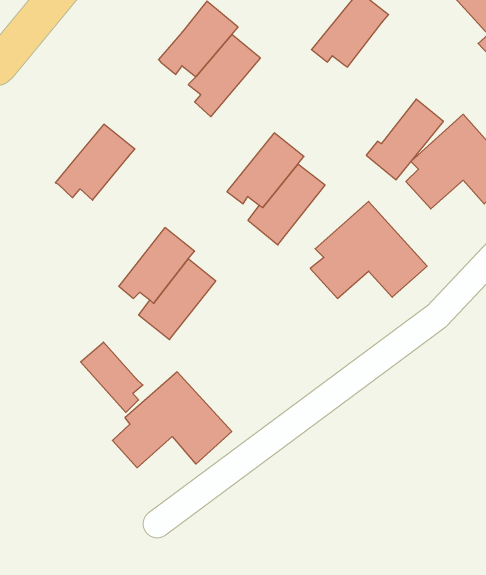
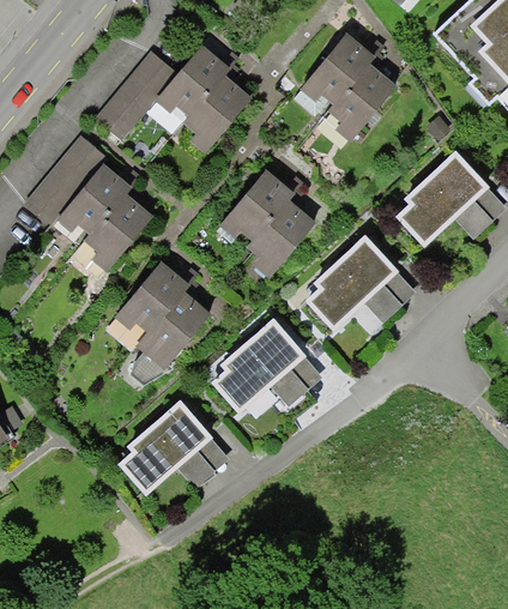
building: none -> [96,50,179,141]
building: none -> [23,135,108,228]
building: [366,99,443,180] -> [323,64,398,141]
building: none -> [86,193,155,272]
building: none -> [207,319,316,411]
building: [81,342,143,412] -> none

